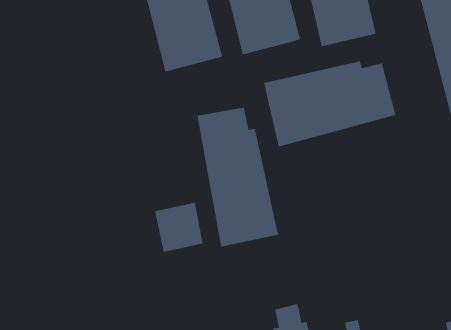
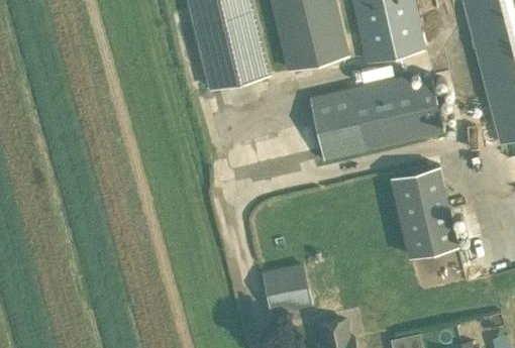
building: [196,107,279,248] -> none
building: none -> [391,164,457,256]
building: [154,202,203,253] -> [263,262,312,314]

